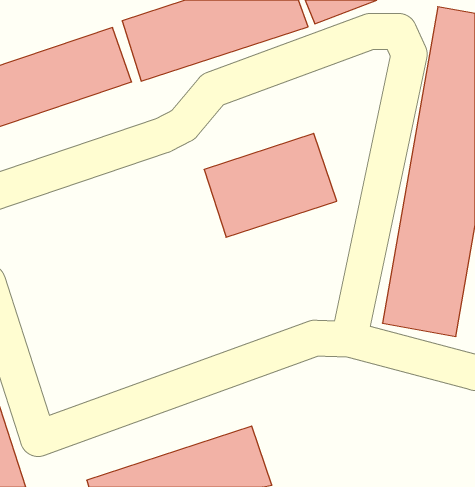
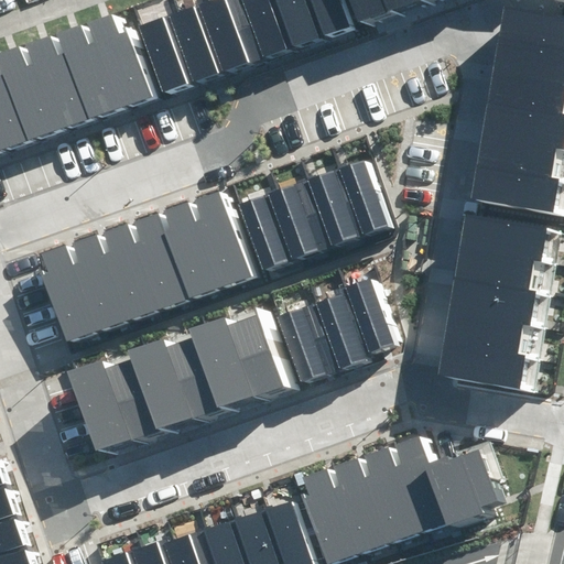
building: none -> [42,207,248,337]
building: none -> [279,282,392,377]
building: none -> [77,318,288,444]
building: none -> [302,436,490,558]

